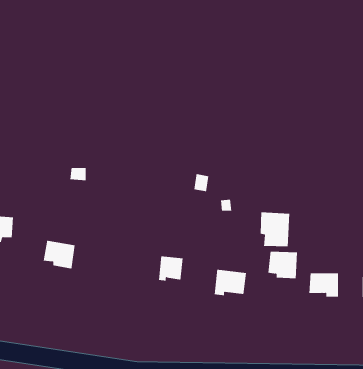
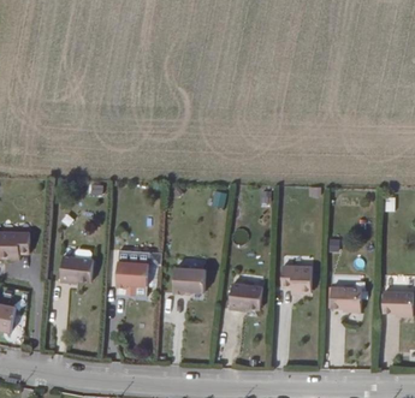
building: [260,211,290,247] -> none
building: none -> [117,261,150,287]

